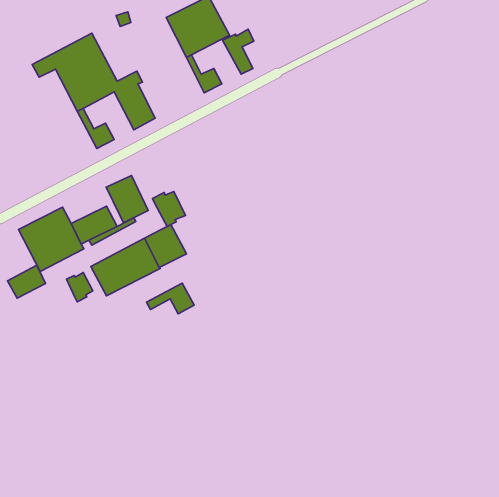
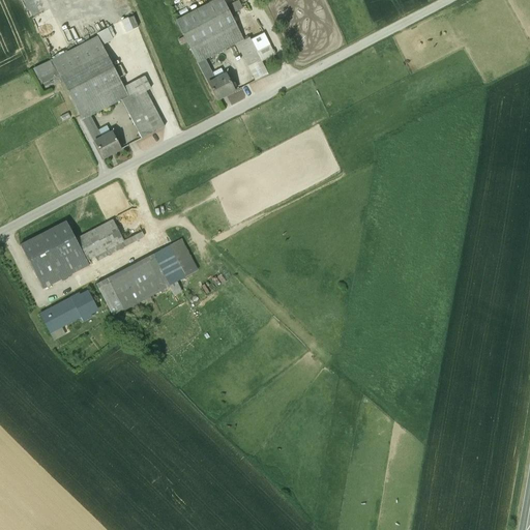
building: [106,176,148,223] -> none
building: [152,191,185,227] -> none
building: [7,265,46,298] -> [39,296,80,331]
building: [146,283,194,314] -> none

